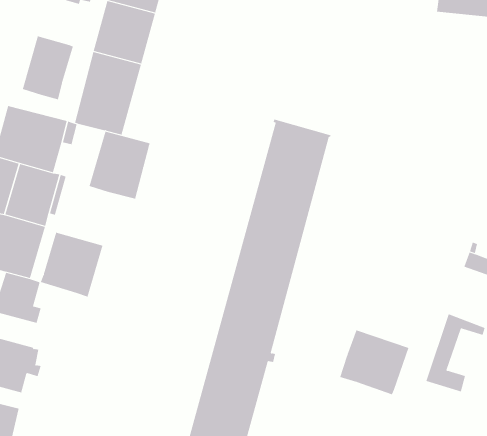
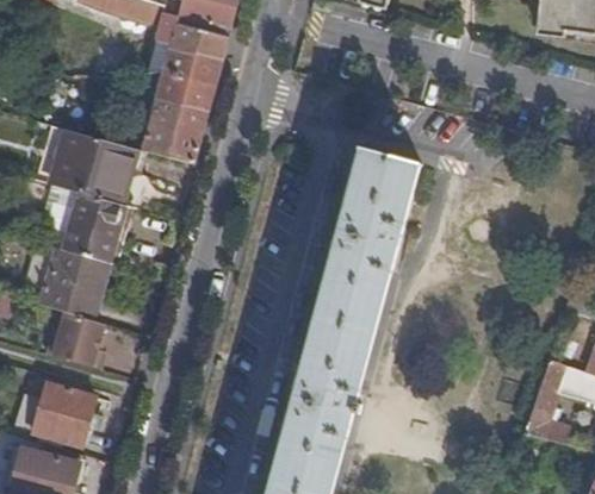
building: [22,36,73,100] -> none
building: [89,131,150,200] -> none
building: [40,232,103,298] -> none
building: [339,330,409,395] -> none

